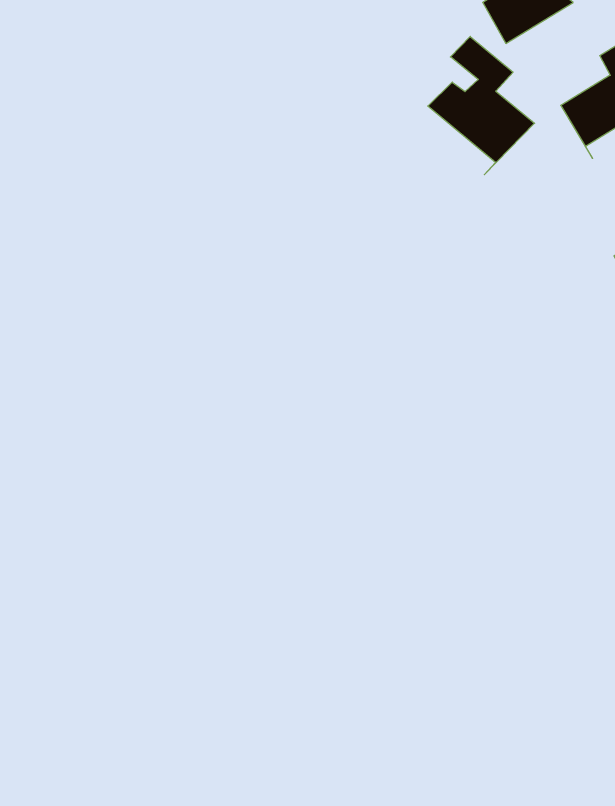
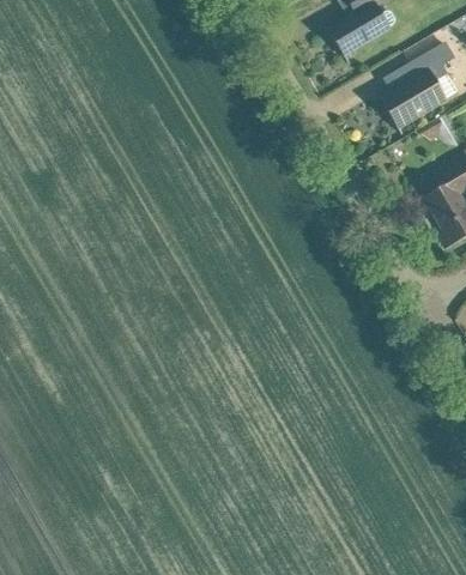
building: [428,36,535,175] -> none

